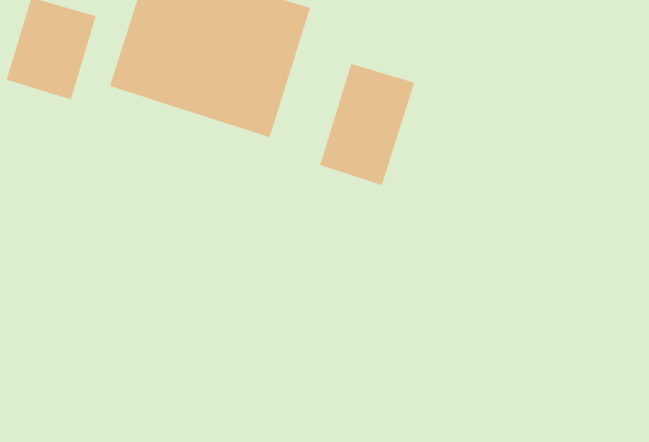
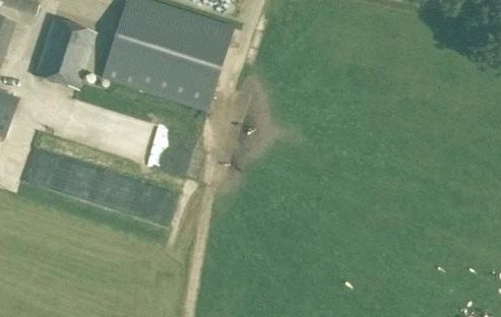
building: [319,63,415,186] -> none

